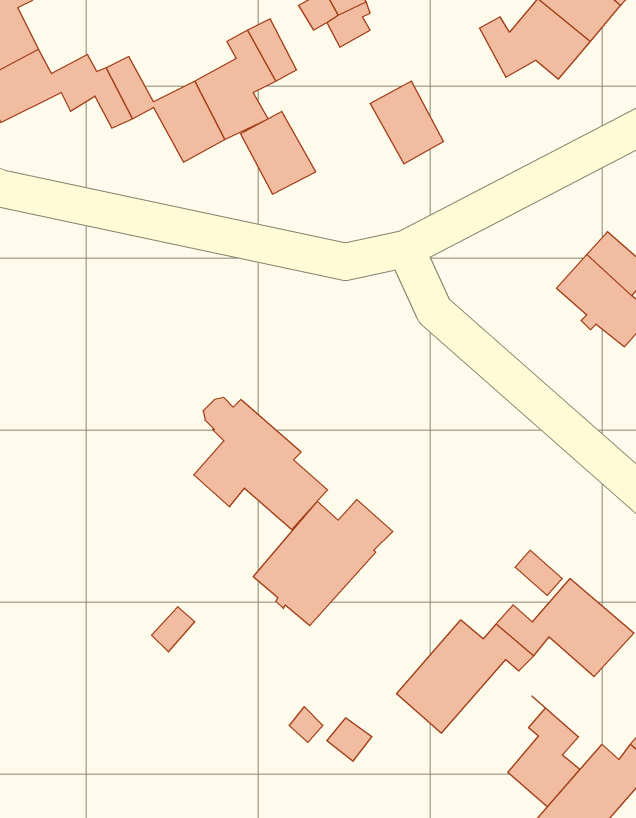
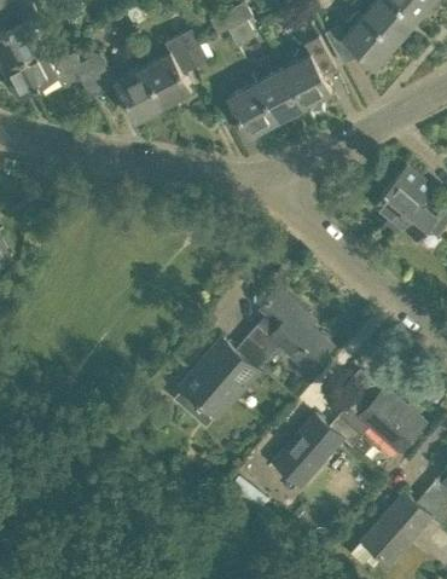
building: none -> [283,37,337,108]
building: [240,111,316,194] -> [230,83,278,137]
building: [194,398,328,530] -> [248,288,333,372]
building: [508,696,580,807] -> none

